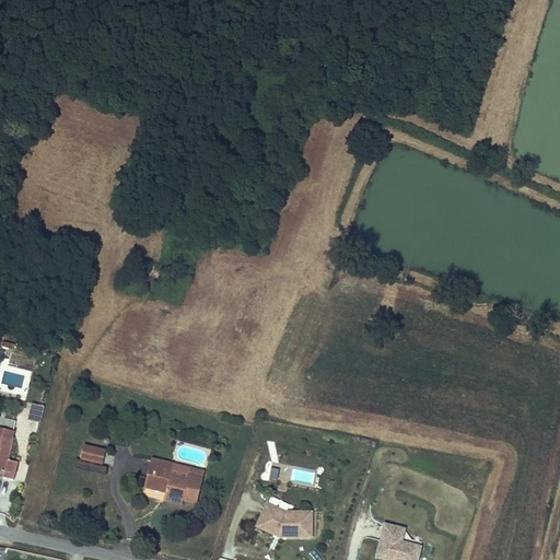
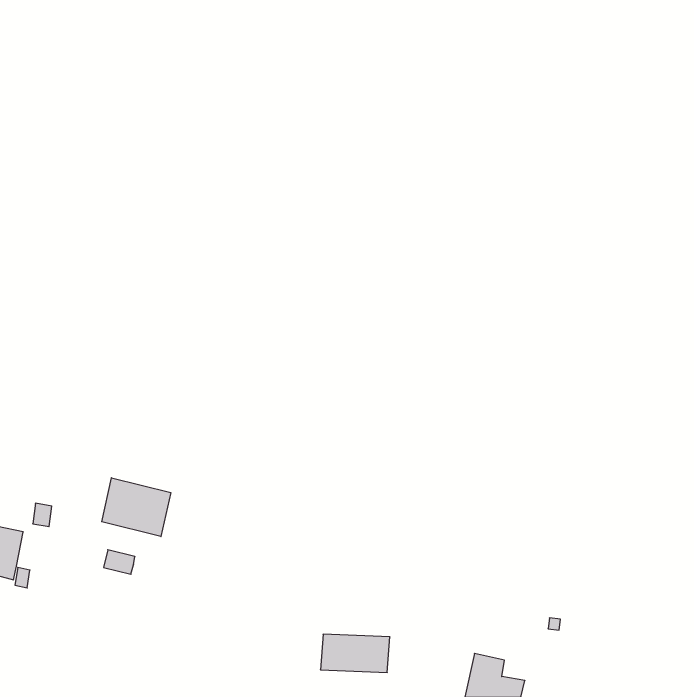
building: none -> [102,478,171,537]
building: [148,454,191,499] -> none

